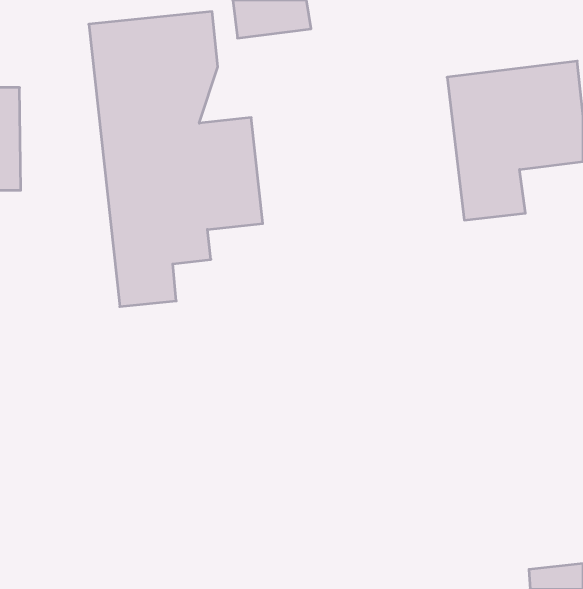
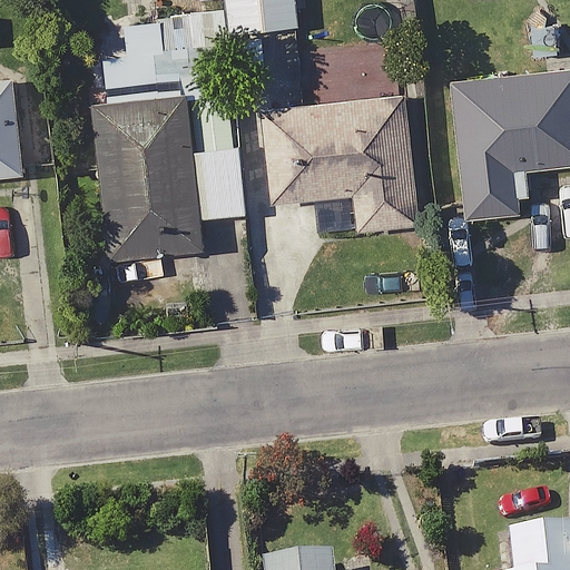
building: none -> [267,97,422,236]

